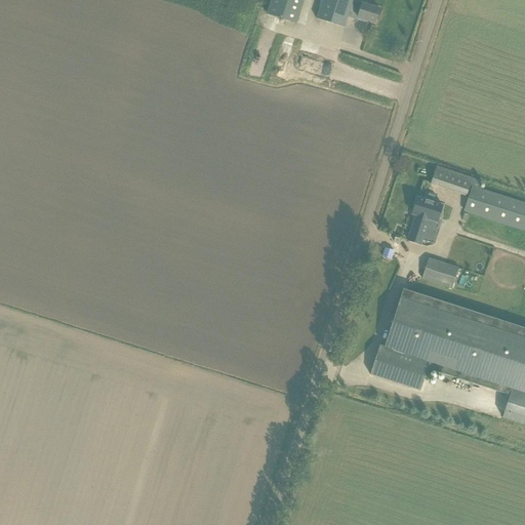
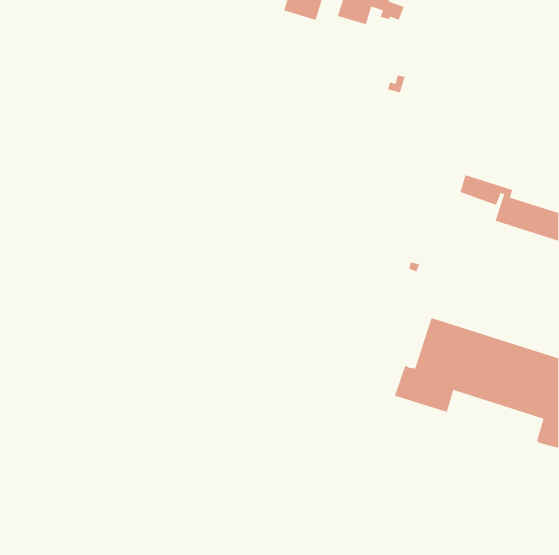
building: [407,194,442,241] -> none
building: [421,255,458,285] -> none

